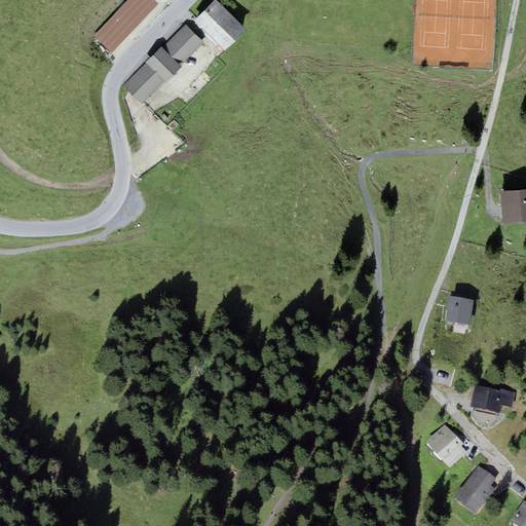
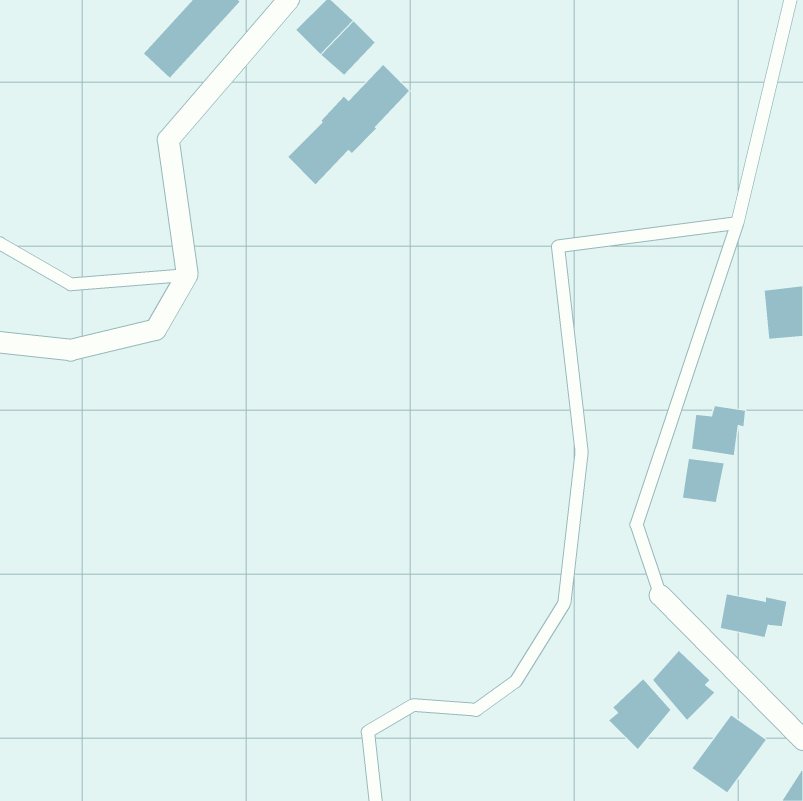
building: [123,24,203,103] -> [287,64,410,185]
building: none -> [691,405,746,456]
building: none -> [608,679,671,750]

